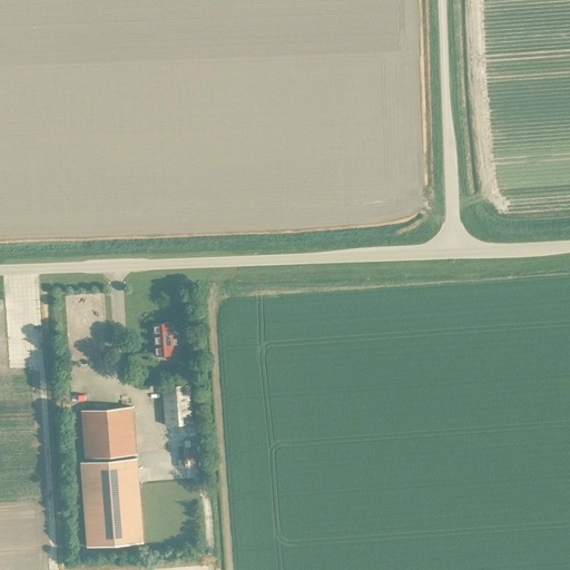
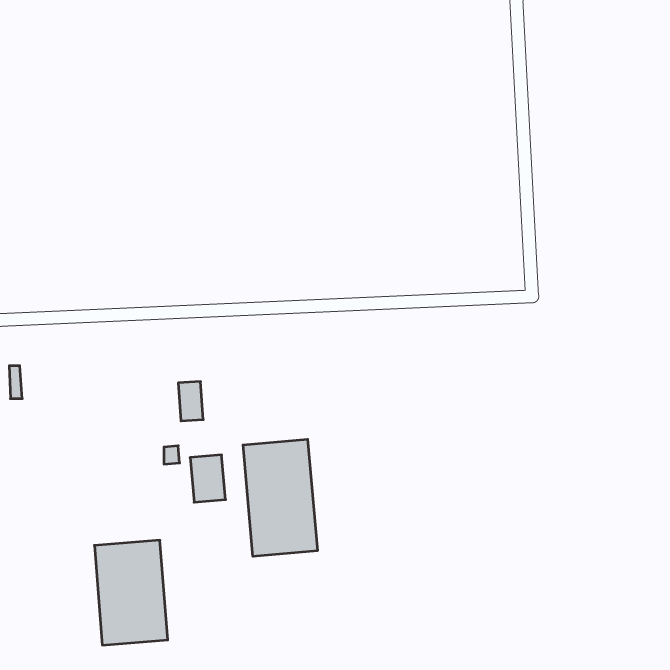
building: none -> [243,439,317,556]
building: [80,409,136,459] -> none

